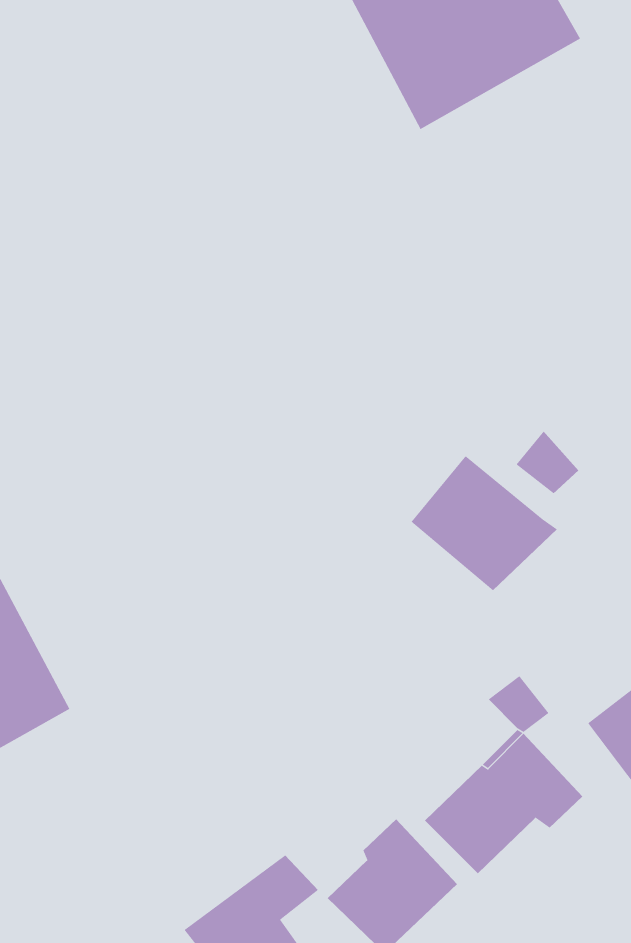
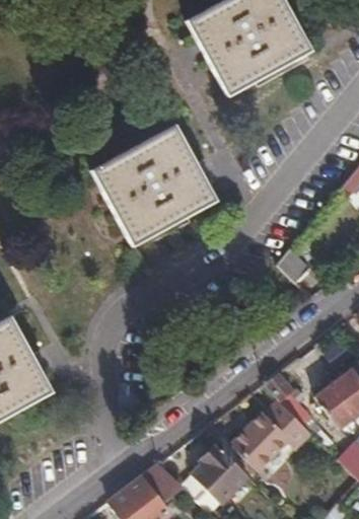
building: none -> [94,125,215,242]
building: [410,455,558,591] -> none

